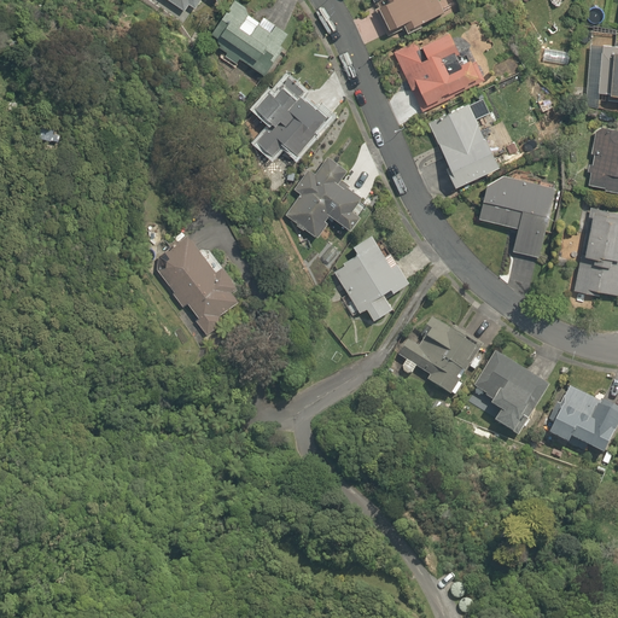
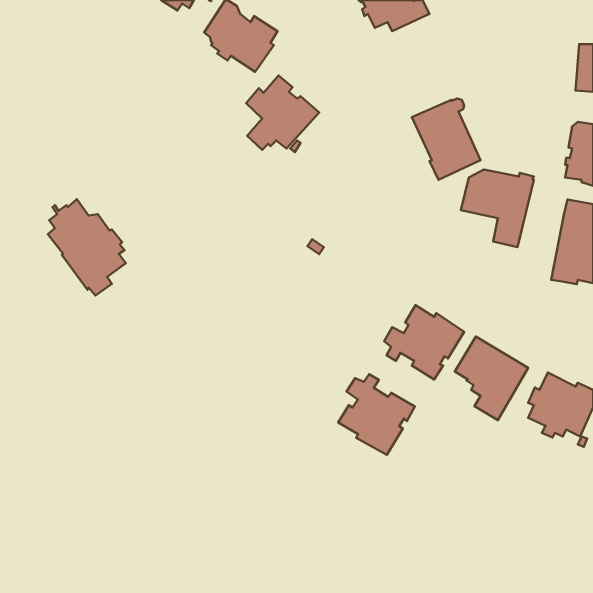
building: [395,33,486,111] -> none
building: [286,156,367,238] -> none
building: [158,233,239,333] -> [48,199,126,296]
building: [334,234,410,319] -> none
building: none -> [338,374,415,455]

